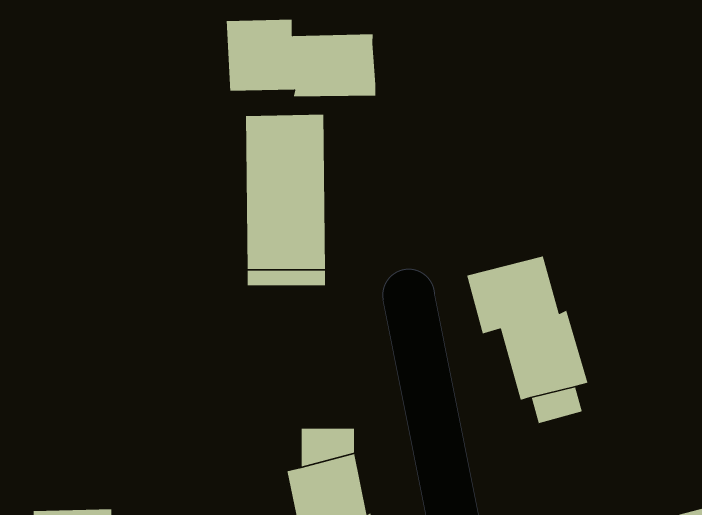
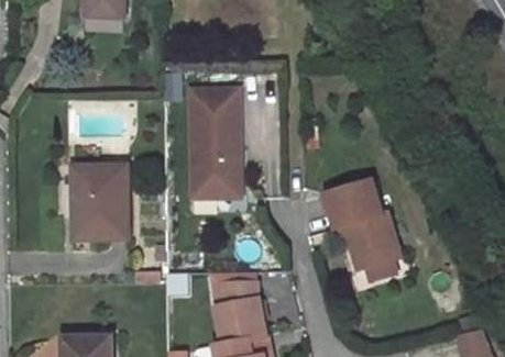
building: [226,19,376,97] -> none
building: none -> [73,163,127,235]

